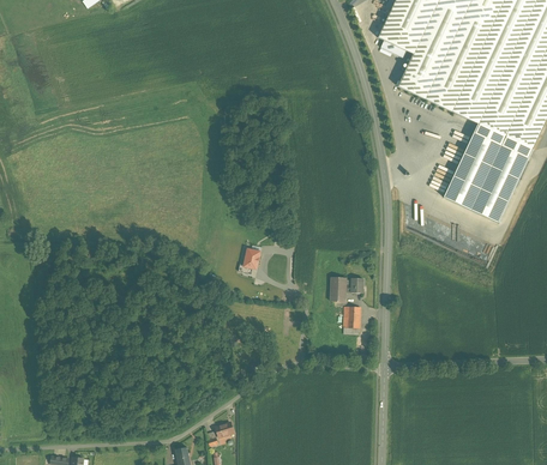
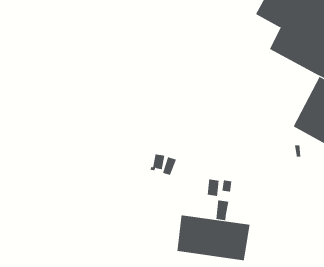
building: none -> [177,215,250,261]

